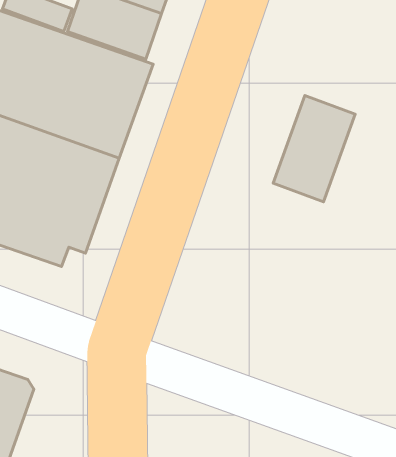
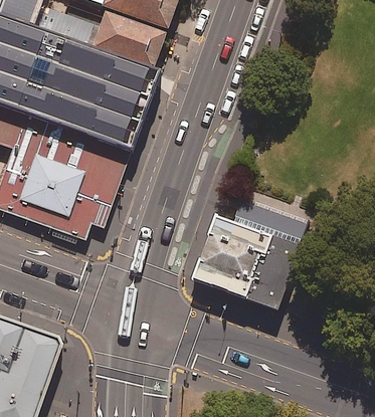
building: [273,95,355,202] -> none
building: none -> [191,203,310,312]

